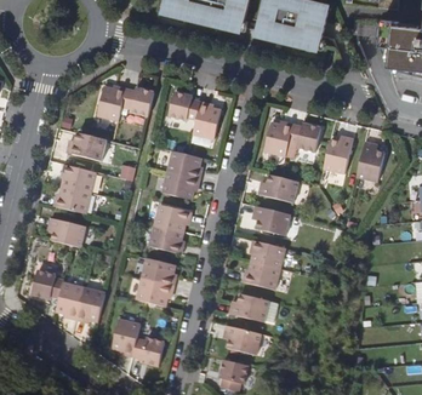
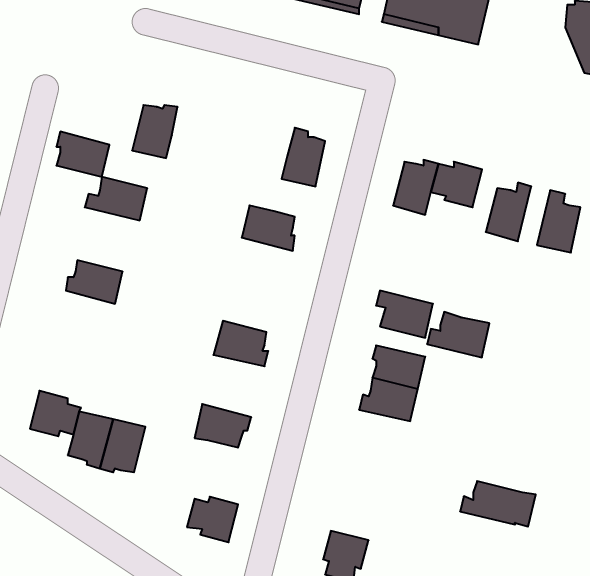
building: [121,87,153,115] -> none
building: [167,91,200,120] -> none
building: [61,164,95,193] -> [56,132,109,177]
building: [161,171,199,199] -> none
building: [257,173,297,202] -> [427,312,489,357]
building: [154,204,190,231] -> none
building: [47,217,85,247] -> none
building: [141,257,175,286] -> none
building: [228,293,276,322] -> [460,481,536,527]
building: [112,319,139,356] -> none
building: [223,325,260,354] -> none

